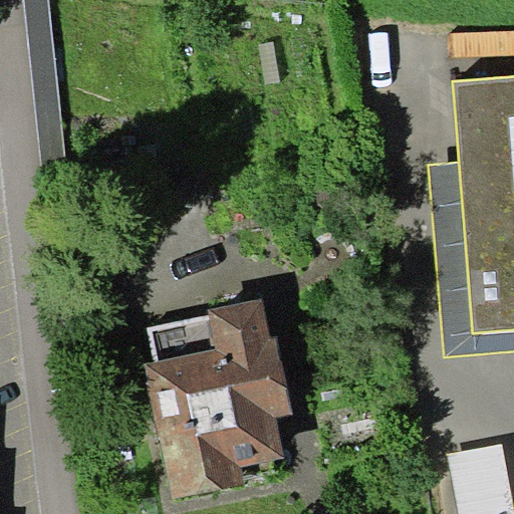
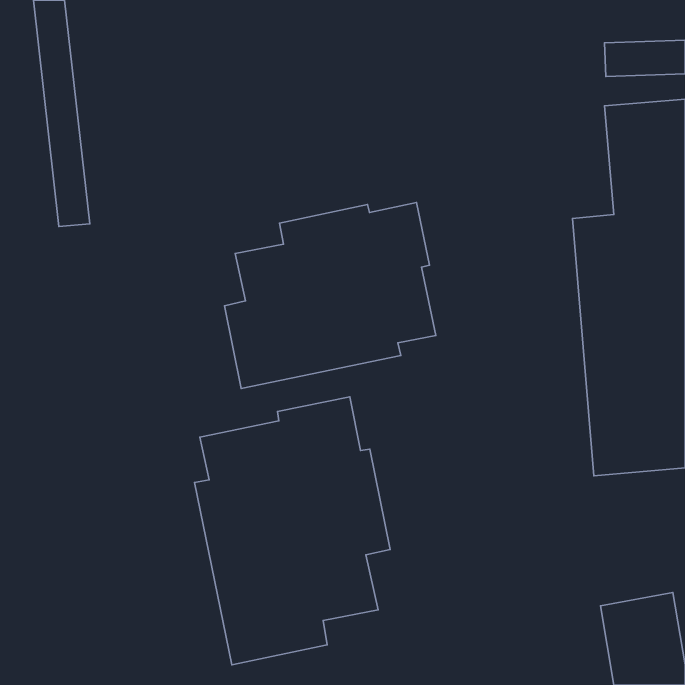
building: none -> [225,202,436,388]

